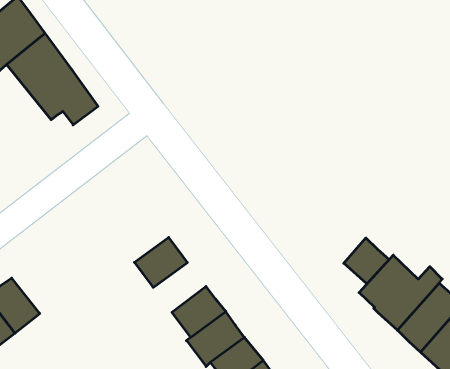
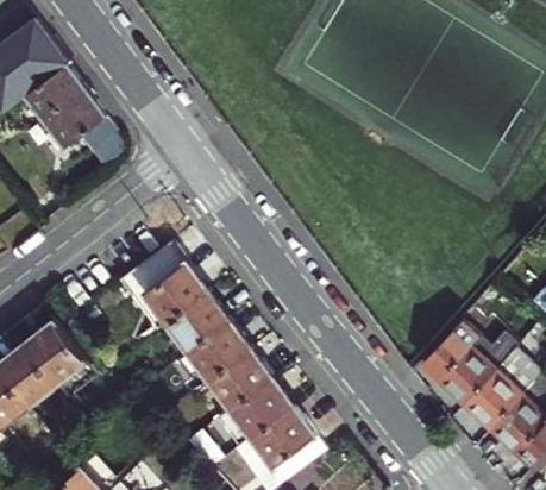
building: none -> [115,246,205,334]
building: [344,238,389,284] -> none
building: none -> [25,320,86,383]
building: none -> [172,325,247,392]

